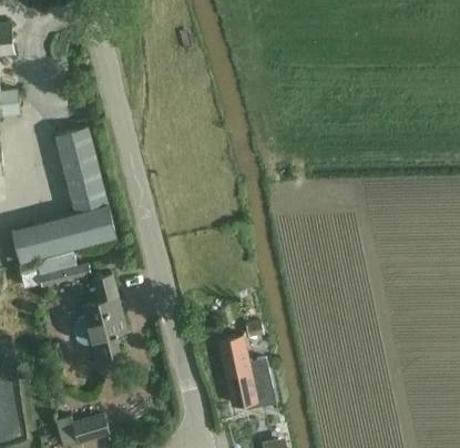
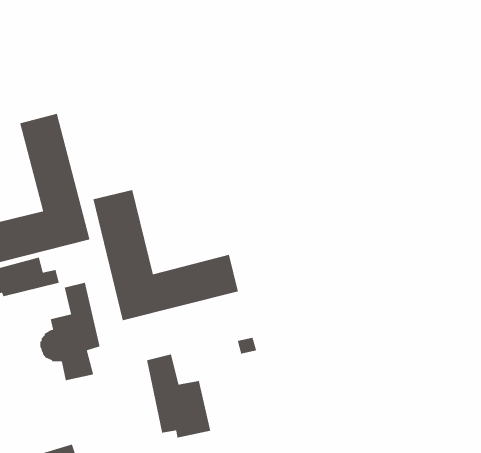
building: none -> [93,189,239,321]
building: [218,335,275,409] -> [146,353,211,439]

